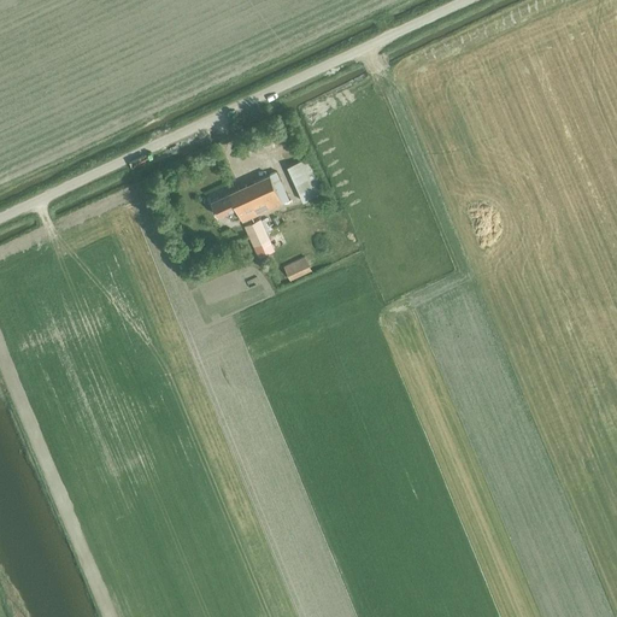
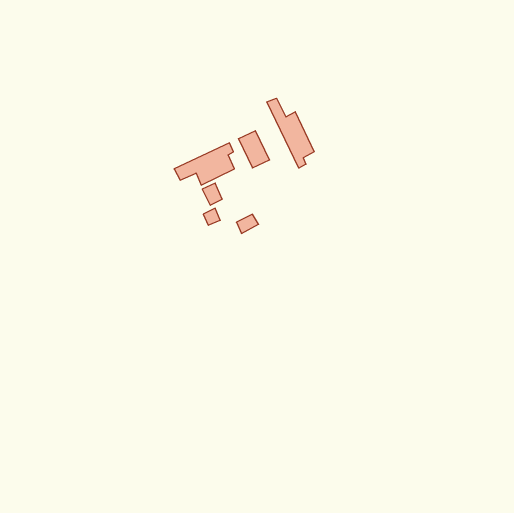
building: none -> [267,98,314,168]

